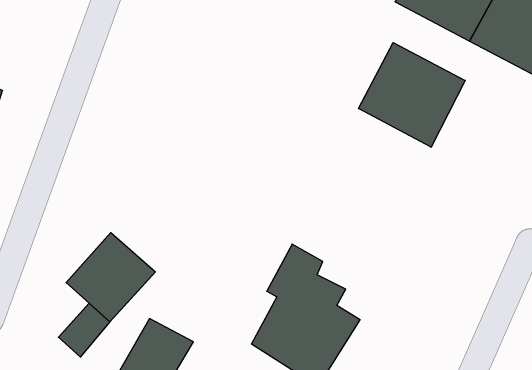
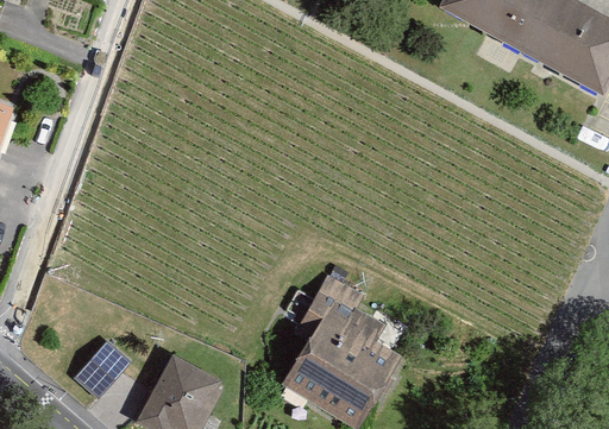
building: [359,43,465,147] -> none
building: [66,233,155,322] -> none

